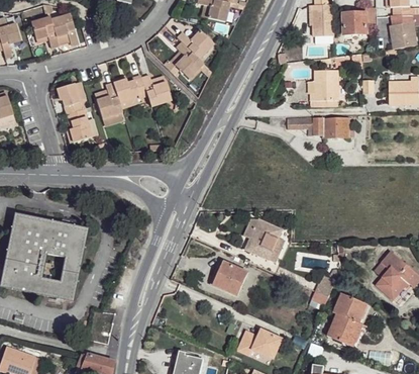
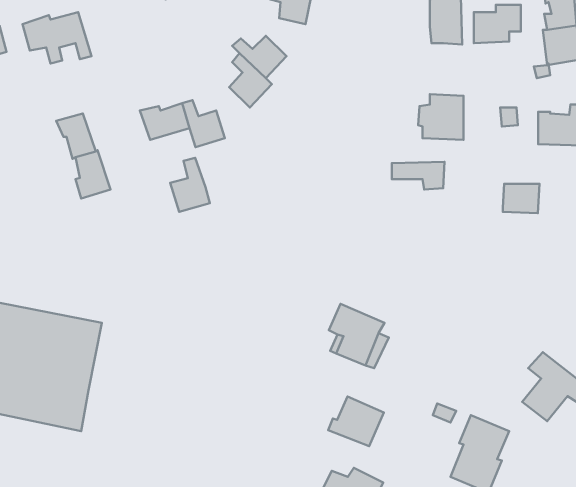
building: [96,82,123,119] -> [170,158,210,212]
building: [322,119,347,139] -> [503,184,539,213]
building: [209,260,247,294] -> [328,396,384,446]

